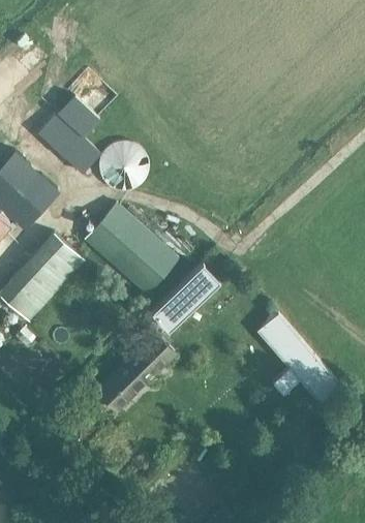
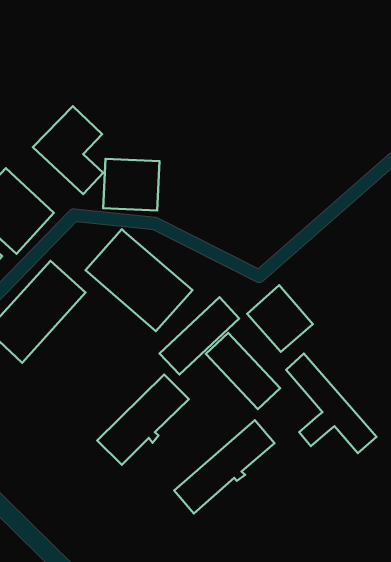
building: none -> [247,285,313,352]
building: none -> [206,333,280,409]
building: none -> [174,420,274,513]

